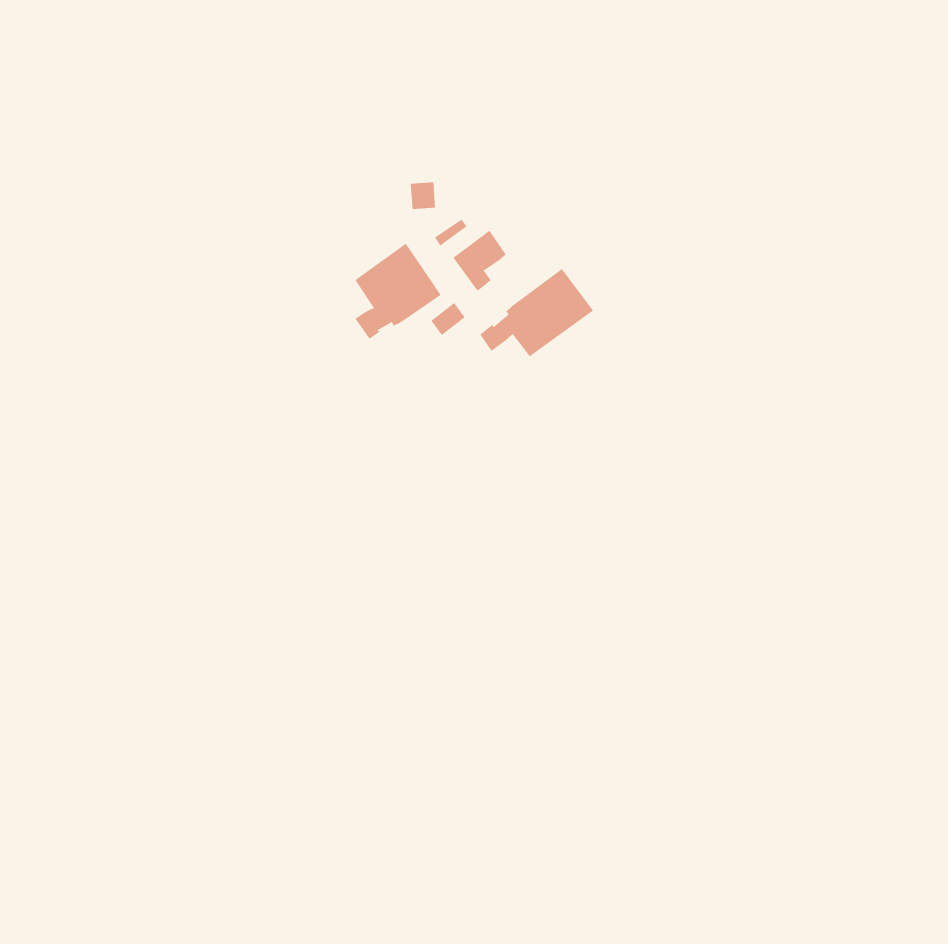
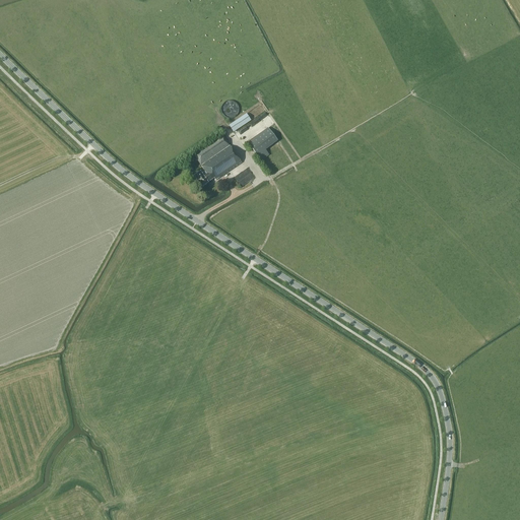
building: [479,268,594,357] -> none

